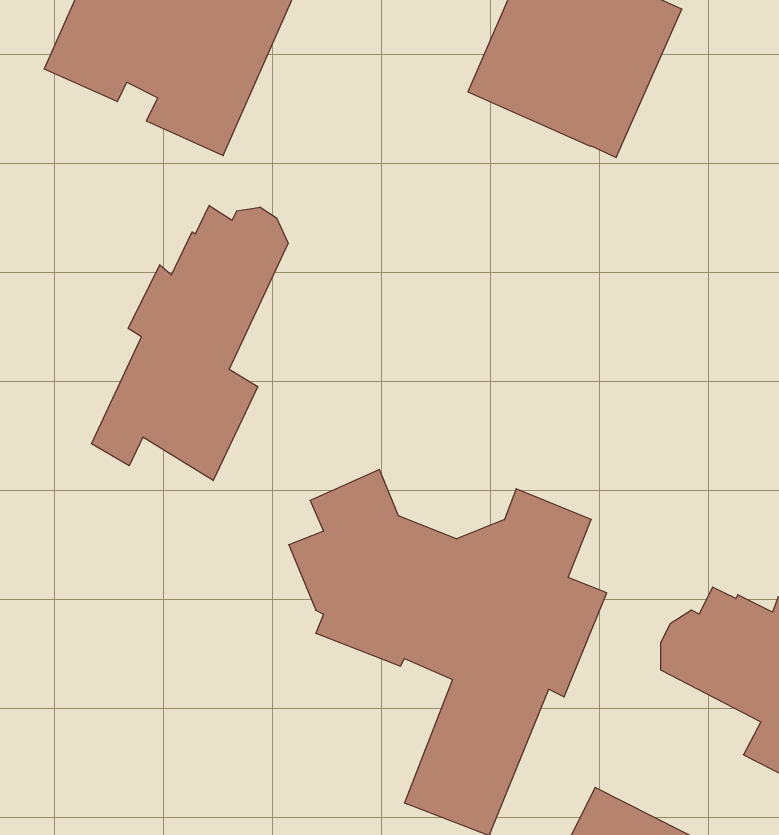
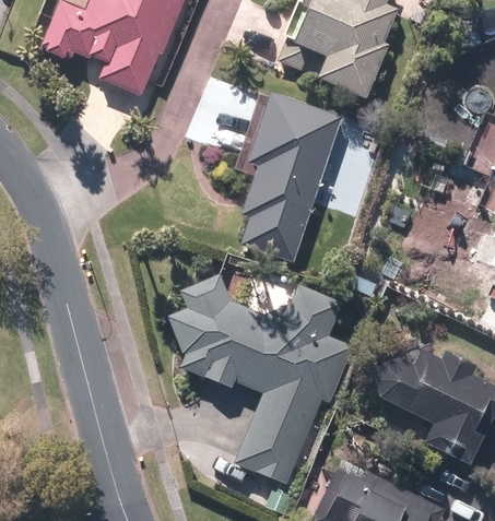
building: none -> [231,94,341,264]
building: [91,205,288,481] -> none

